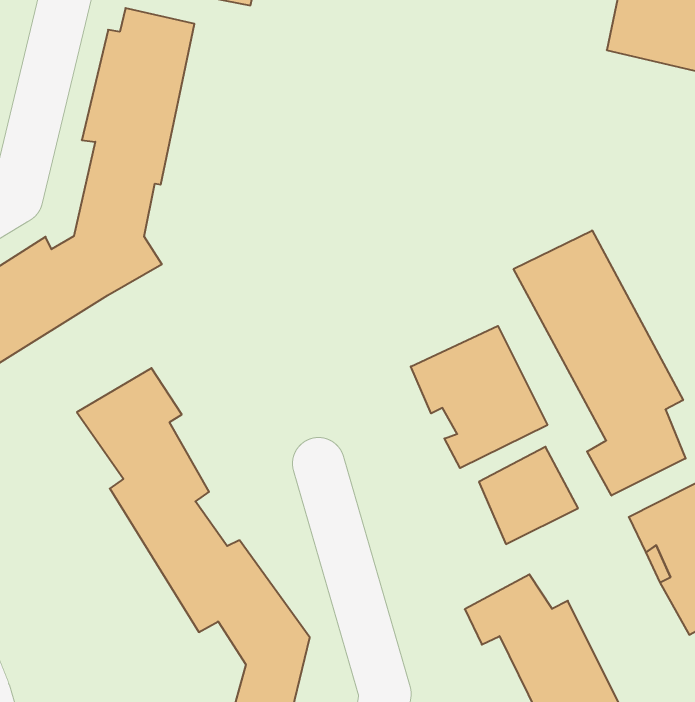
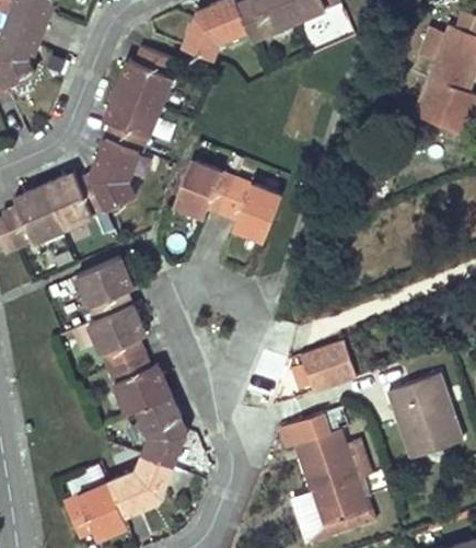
building: none -> [174,161,282,241]
building: [514,230,686,496] -> none
building: [411,326,547,468] -> none

